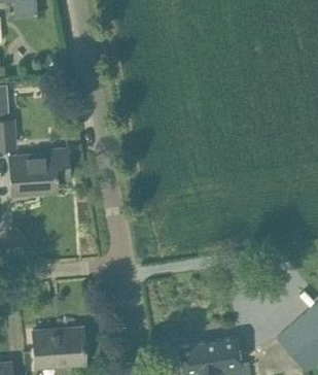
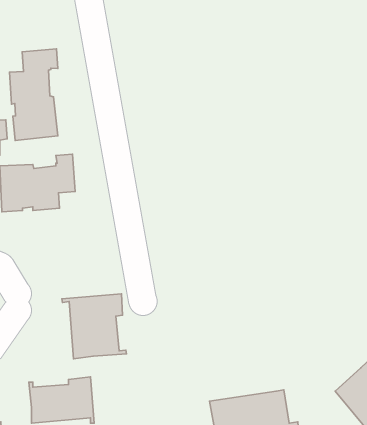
building: none -> [9,49,58,140]
building: none -> [62,294,127,359]

